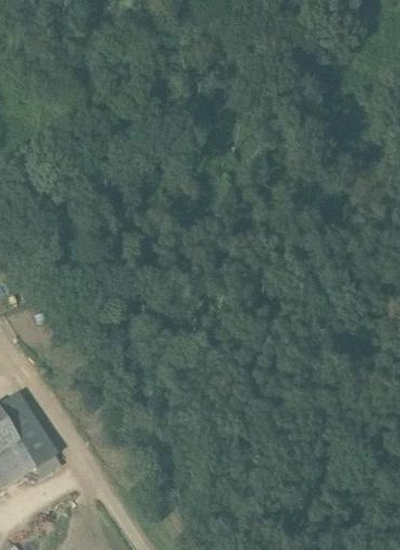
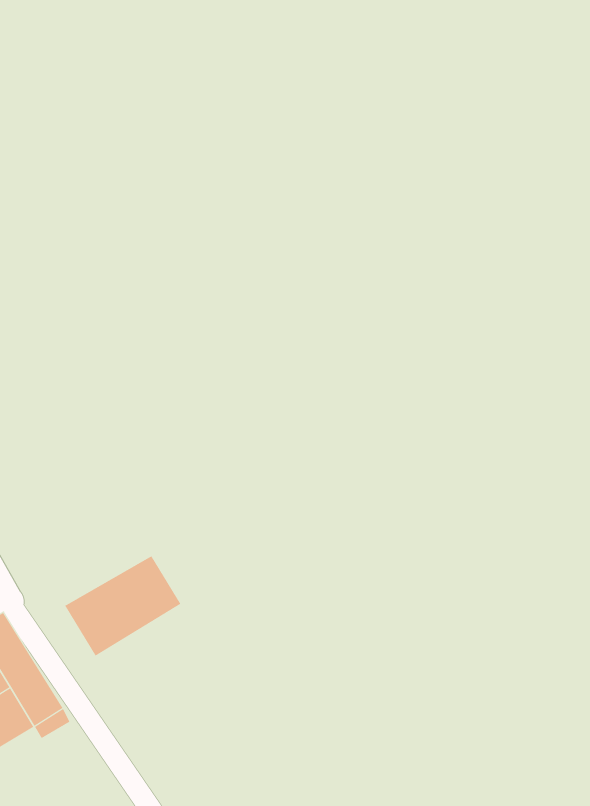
building: none -> [65,556,181,657]

